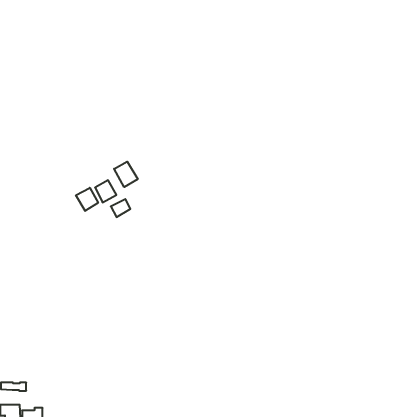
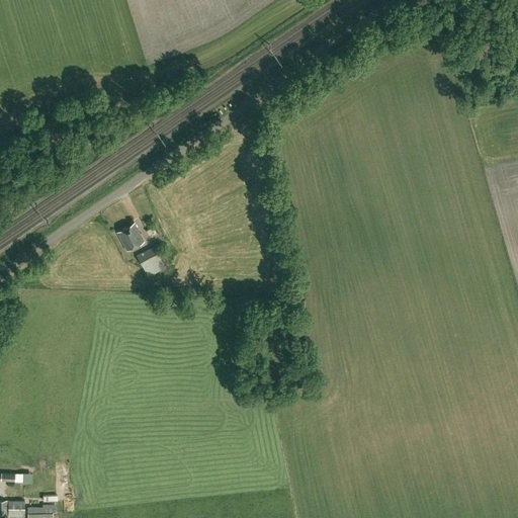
building: [114,162,138,187] -> none
building: [76,188,98,211] -> none

